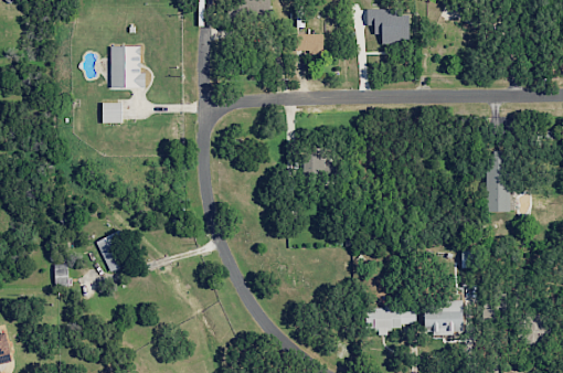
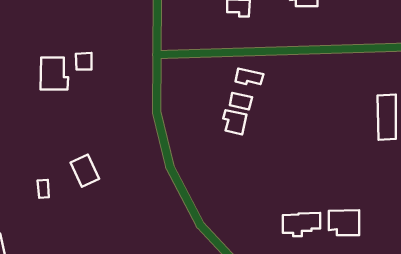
building: [109,46,145,87] -> [40,57,68,89]
building: none -> [235,69,263,84]
building: none -> [223,110,246,135]

